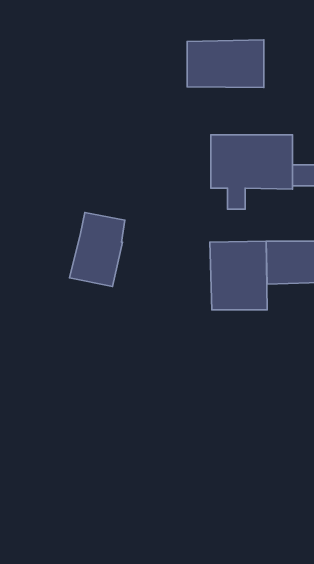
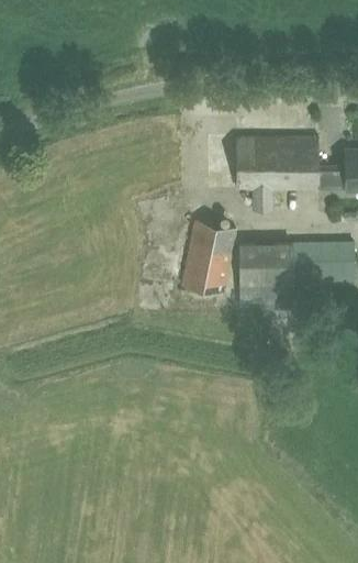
building: [187,40,264,88] -> none
building: [69,212,125,287] -> [180,220,235,294]

